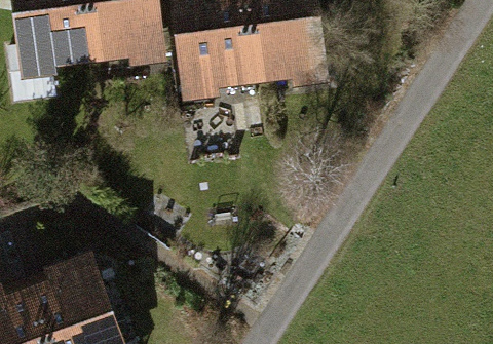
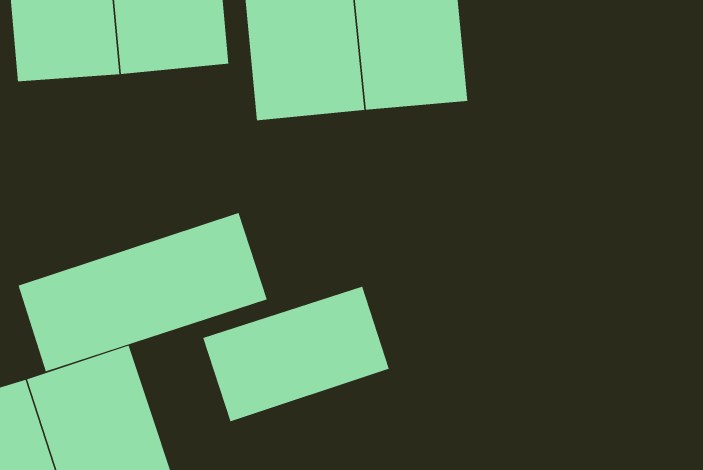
building: none -> [18,212,268,372]
building: none -> [202,286,390,422]

